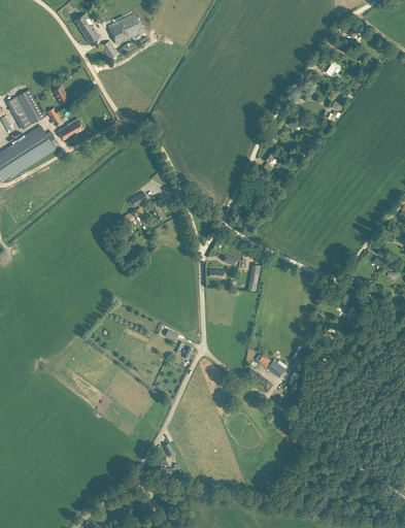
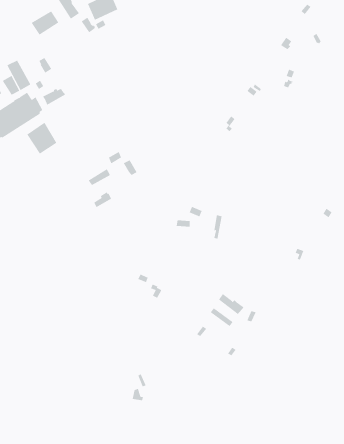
building: none -> [31,11,59,35]
building: none -> [27,122,57,155]

